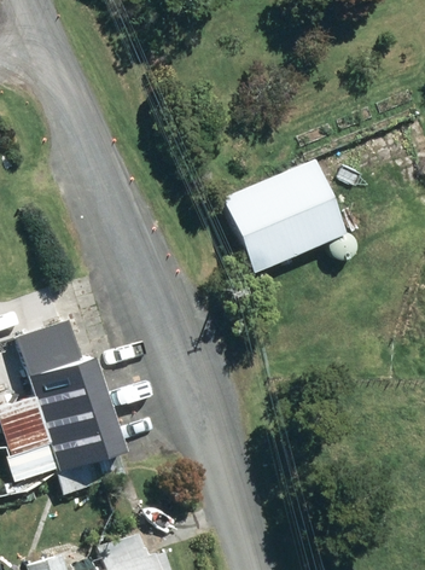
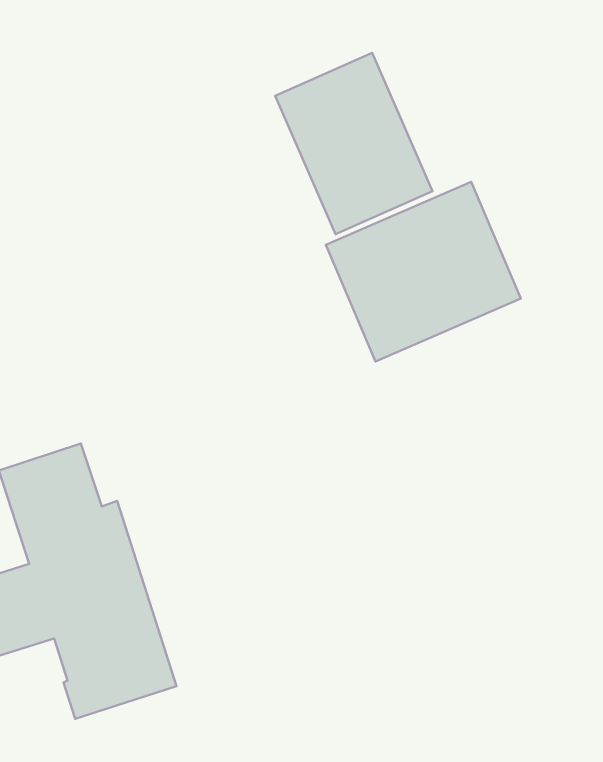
building: none -> [275,53,432,234]

